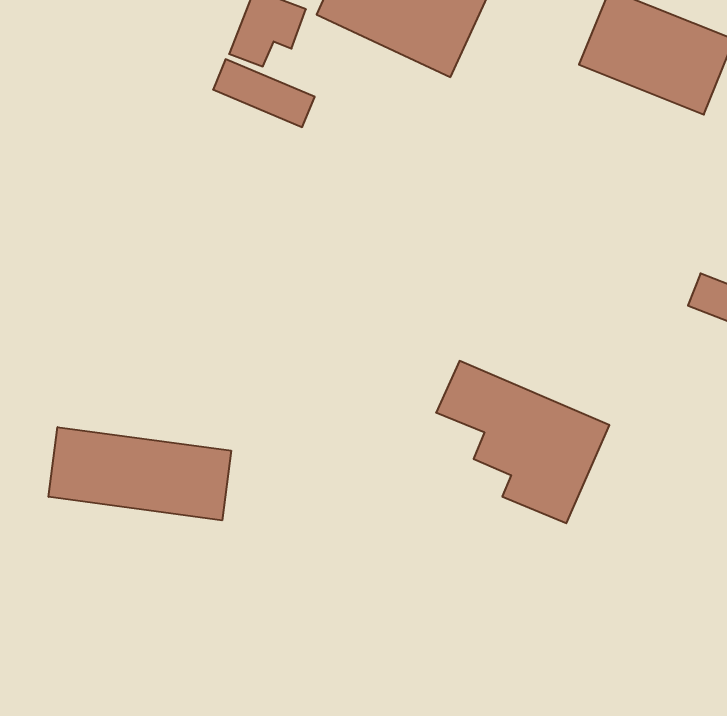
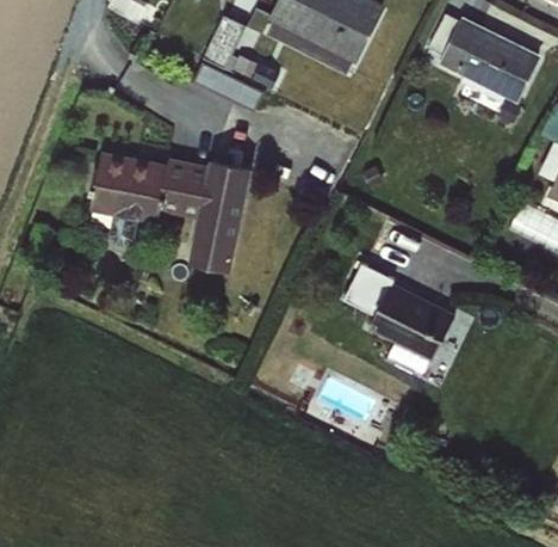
building: none -> [92,148,250,271]
building: [49,427,231,520] -> none

